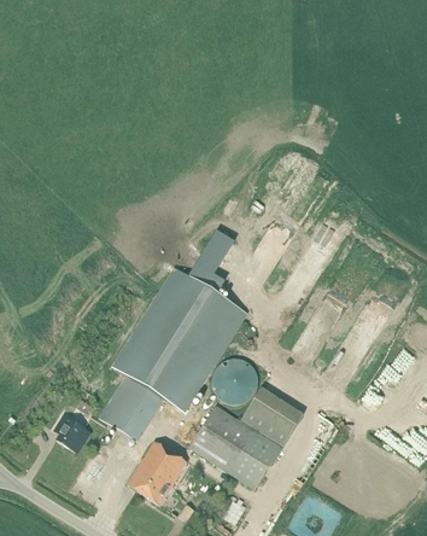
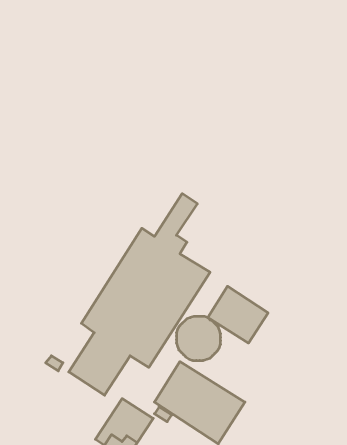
building: [240,386,303,445] -> [208,286,268,343]
building: [55,414,86,451] -> none

